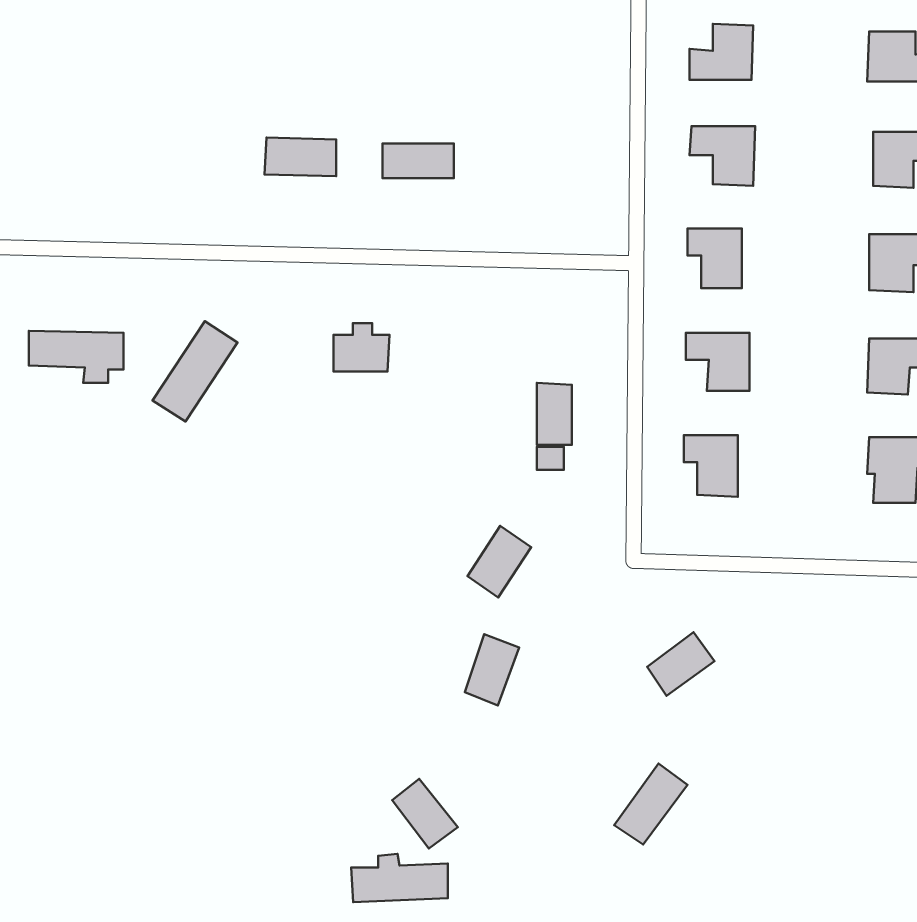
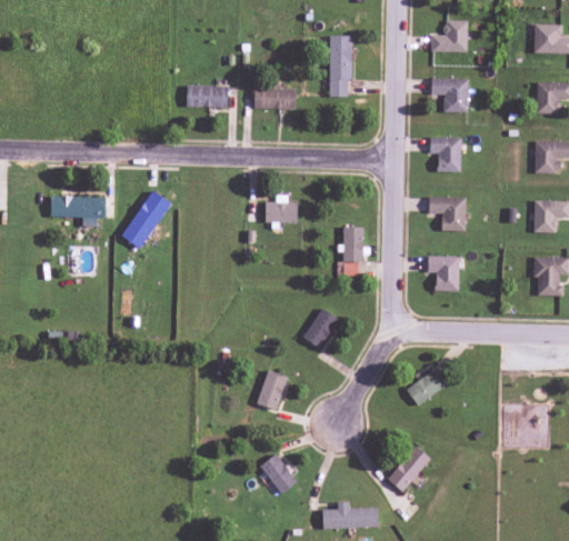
building: none -> [330,34,352,96]
building: [334,323,390,372] -> [266,194,298,222]
building: [465,634,519,706] -> [257,369,288,410]
building: [351,854,448,902] -> [322,501,378,529]

